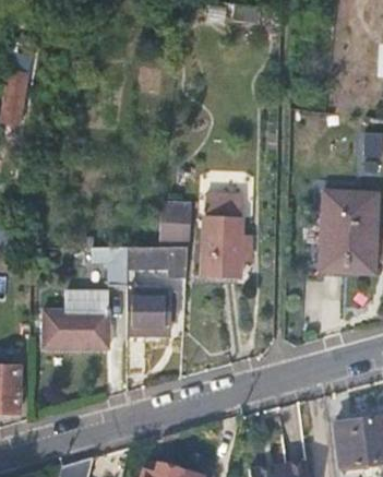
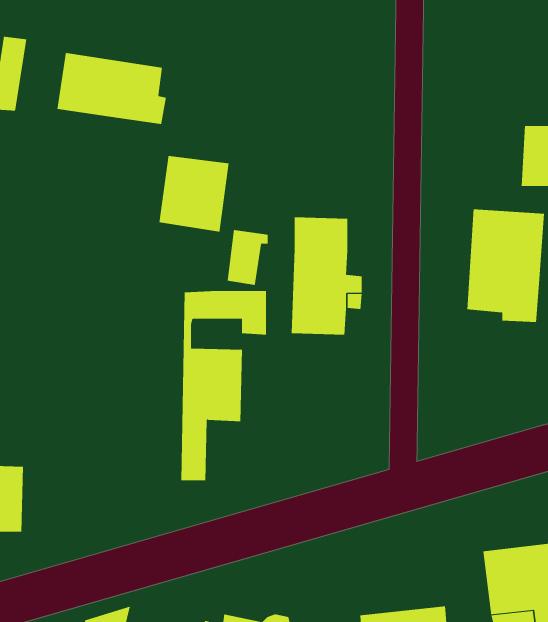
building: none -> [57,52,167,125]
building: none -> [159,155,229,232]
building: [93,249,127,288] -> none
building: [46,294,110,347] -> none

